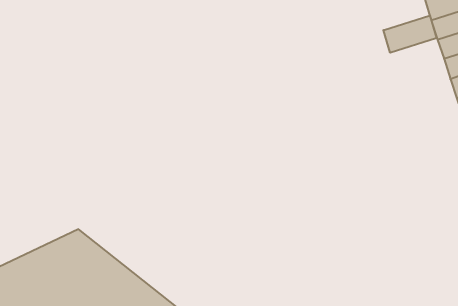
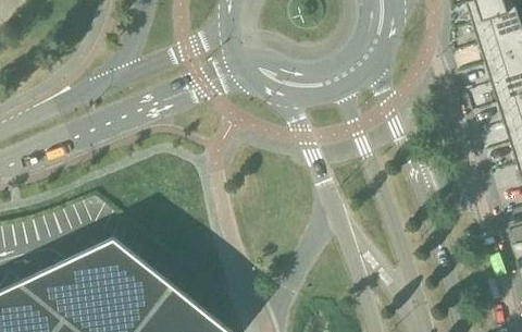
building: [383,15,437,53] -> none

